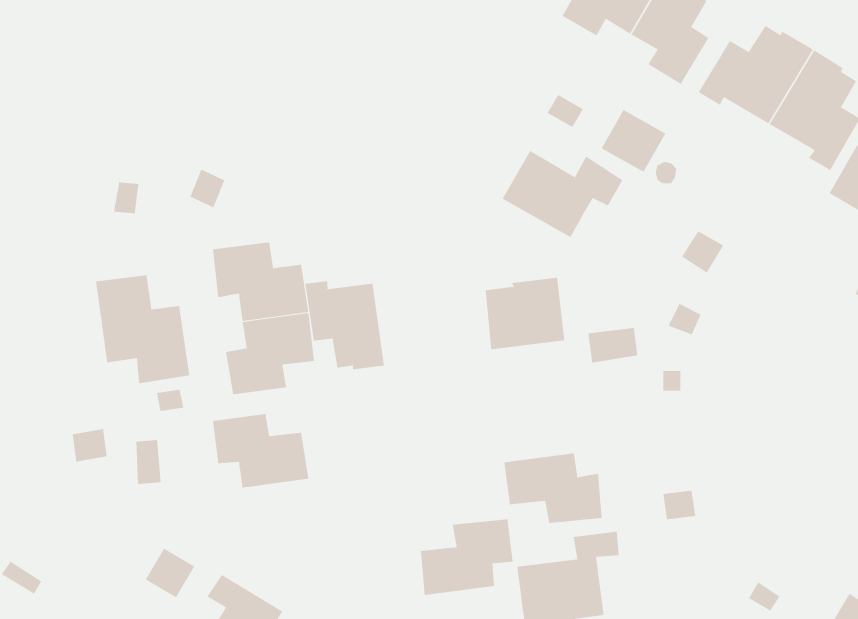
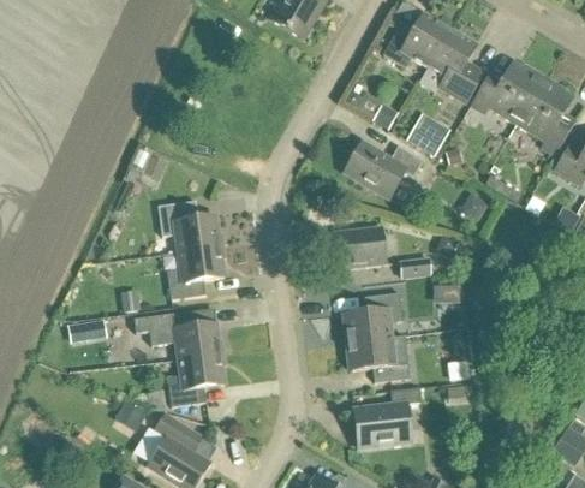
building: [95,274,190,384] -> none
building: [305,280,385,370] -> none
building: none -> [167,353,225,407]
building: [420,519,514,595] -> [344,293,404,343]

